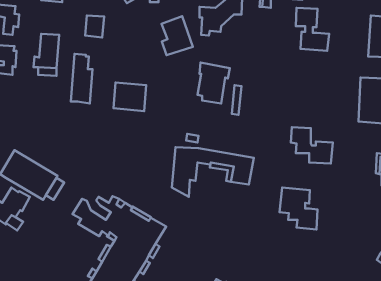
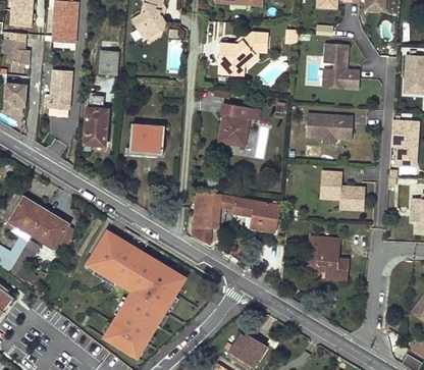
building: [161,16,193,55] -> none
building: none -> [306,113,353,145]
building: none -> [96,230,128,270]

